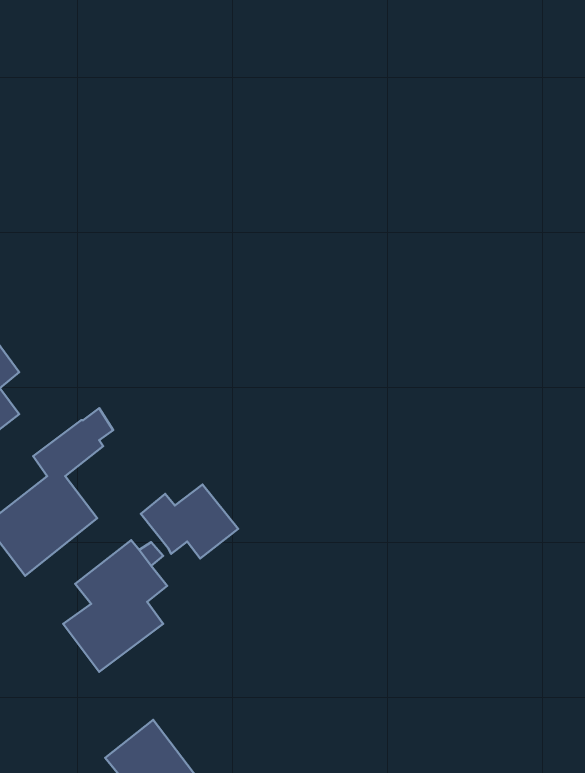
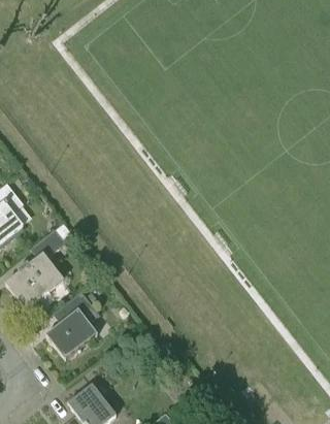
building: [141,485,238,558] -> none

